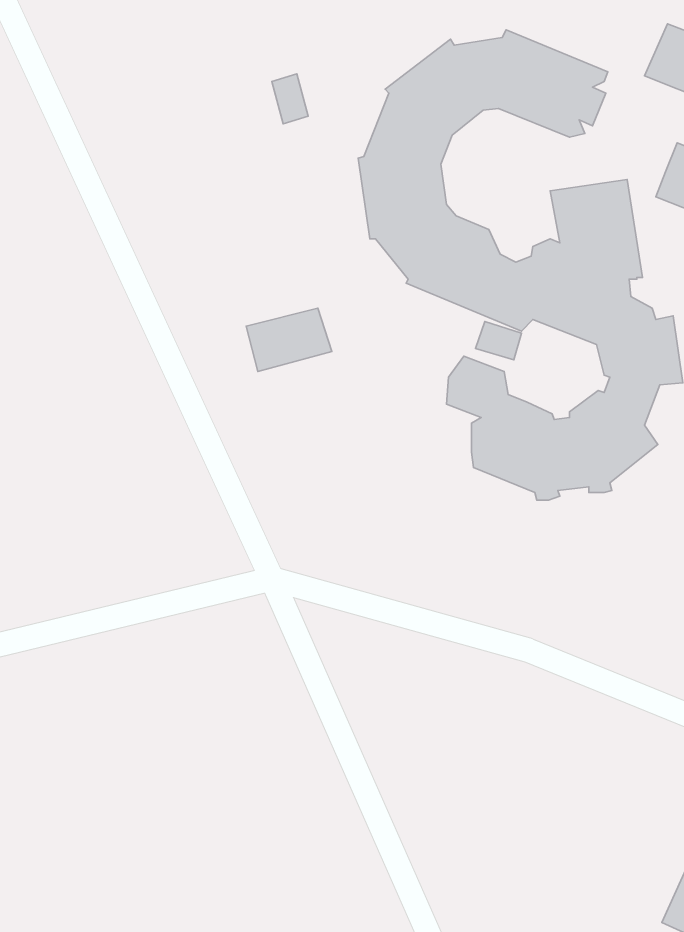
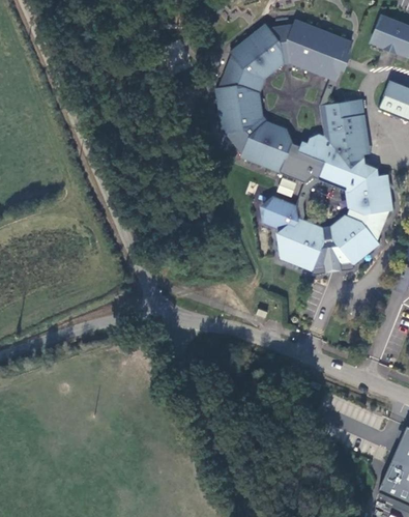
building: [246,308,332,371] -> none

